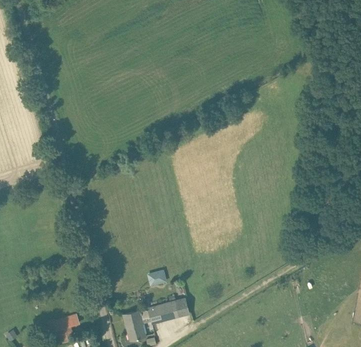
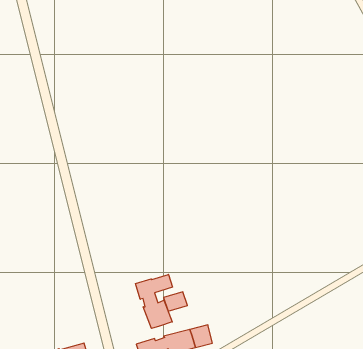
building: none -> [135,274,172,328]

